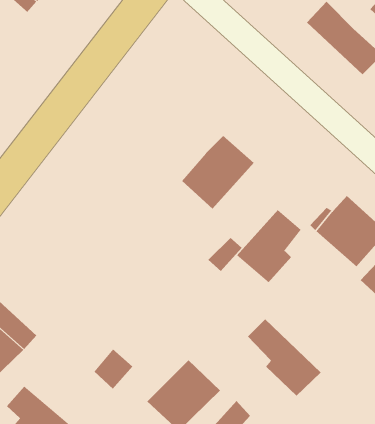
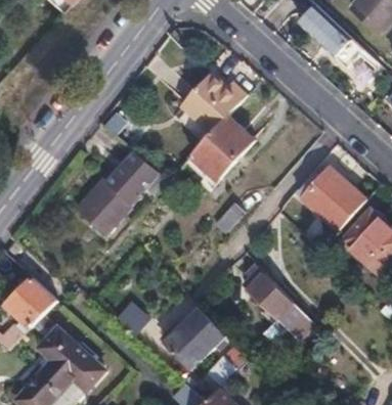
building: none -> [181,74,246,132]
building: none -> [81,151,168,231]
building: [236,209,301,283] -> none

